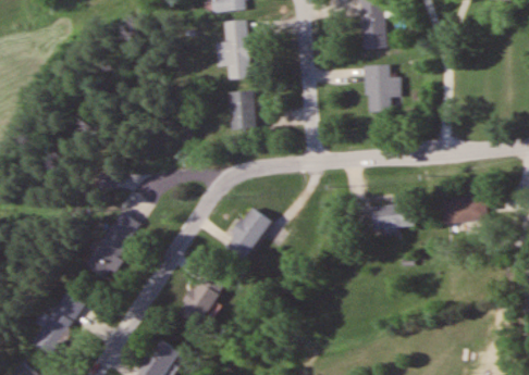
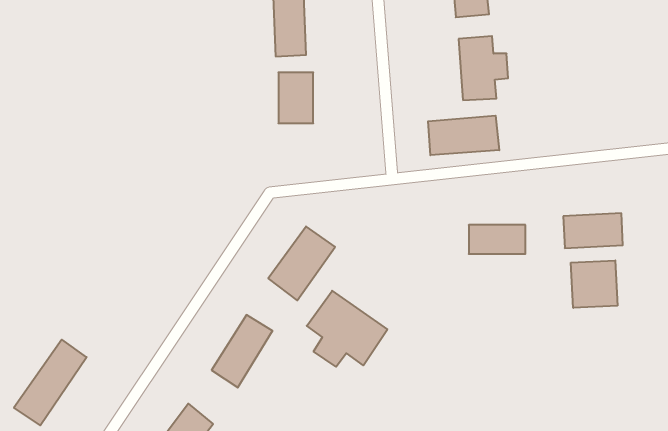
building: none -> [428,116,499,155]
building: [84,212,140,283] -> none
building: none -> [571,260,617,308]
building: none -> [307,291,387,367]

